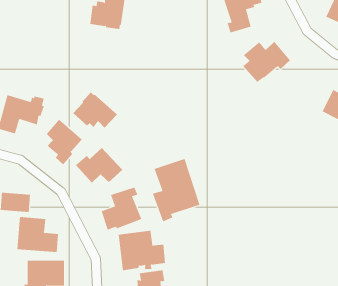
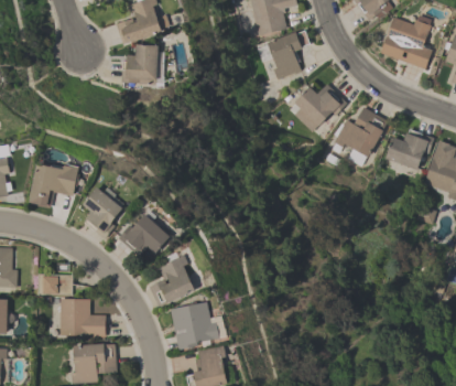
building: none -> [333,106,388,156]
building: [73,91,118,129] -> none
building: [152,158,200,222] -> none

